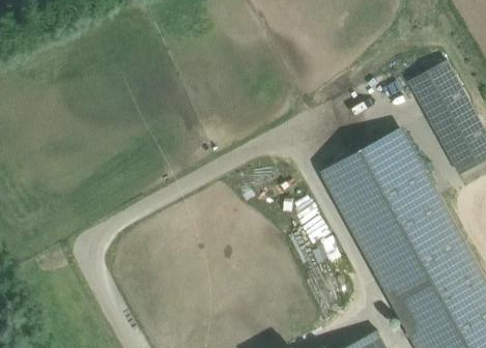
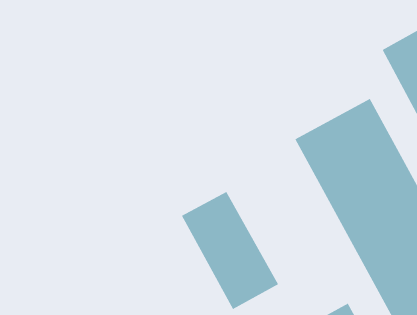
building: none -> [181,191,279,310]

